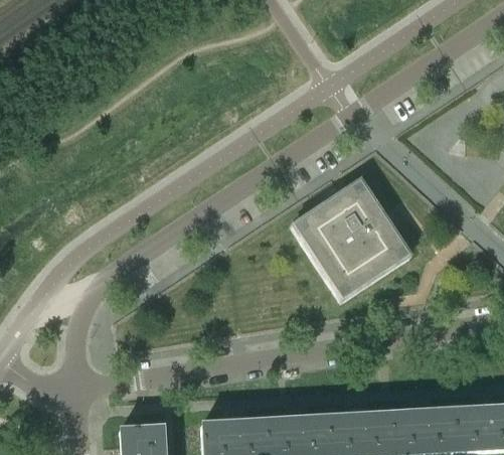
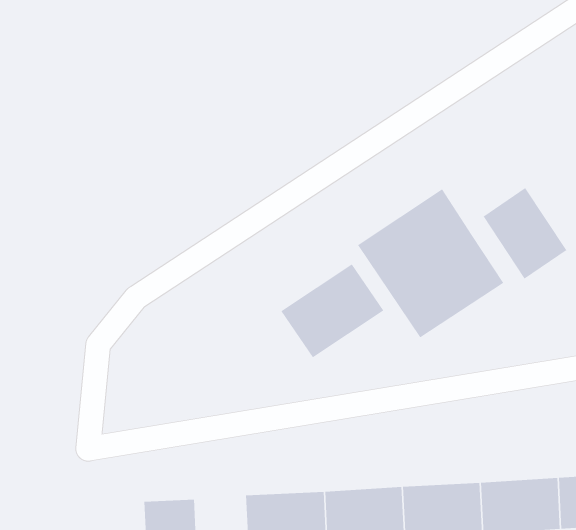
building: none -> [483,187,567,279]
building: none -> [281,264,384,358]

